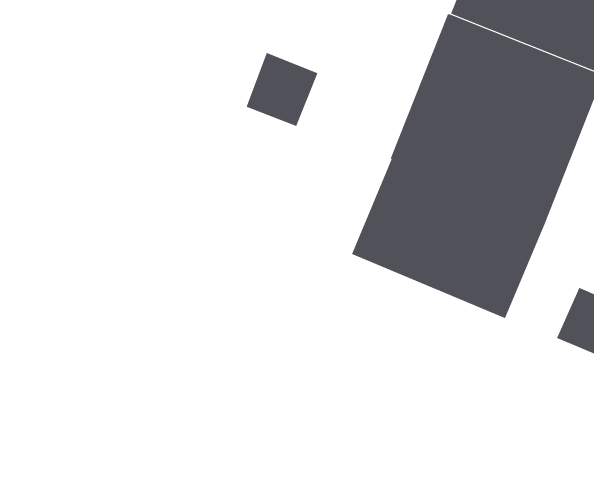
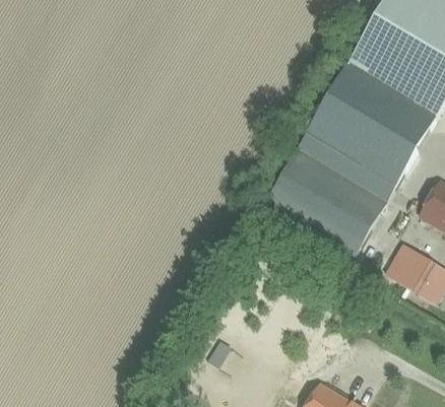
building: [246,52,318,127] -> none

